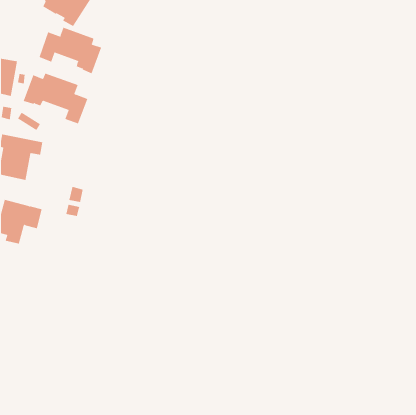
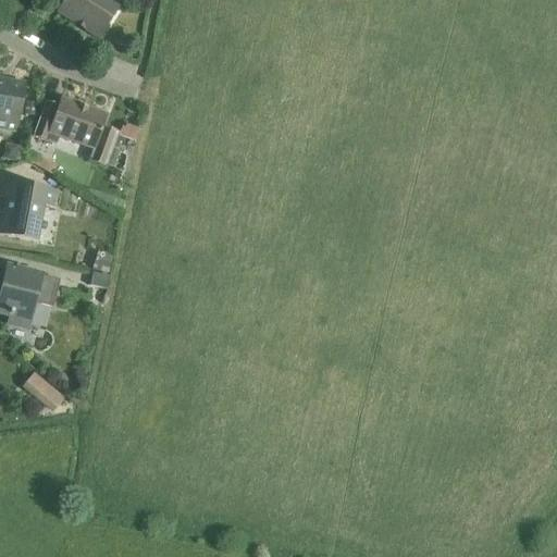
building: [39,27,102,74] -> none
building: none -> [23,371,64,409]

